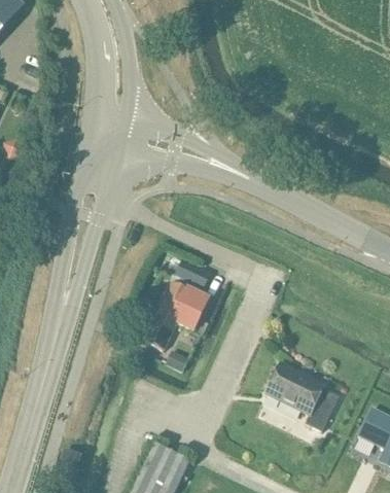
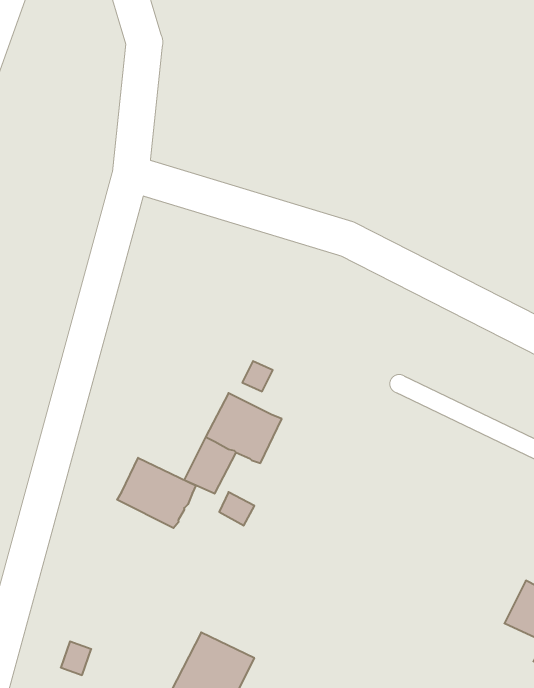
building: none -> [117,458,196,528]
building: [264,360,339,430] -> none

